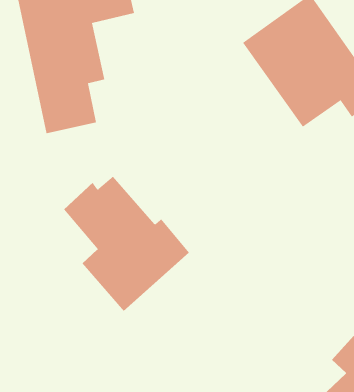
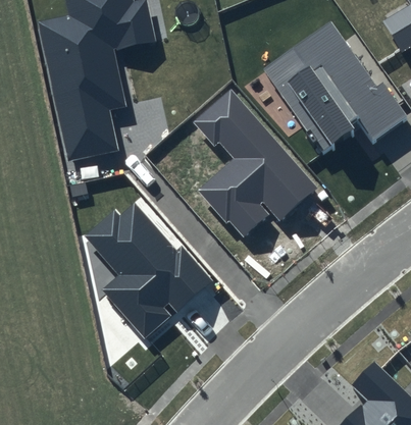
building: none -> [194,90,317,237]

